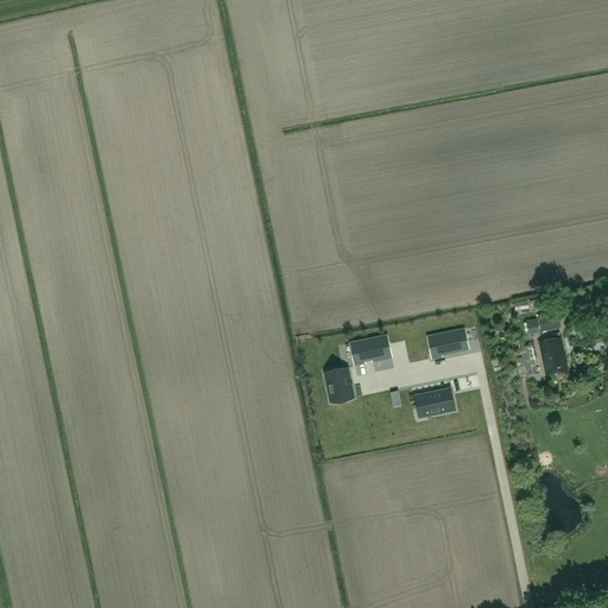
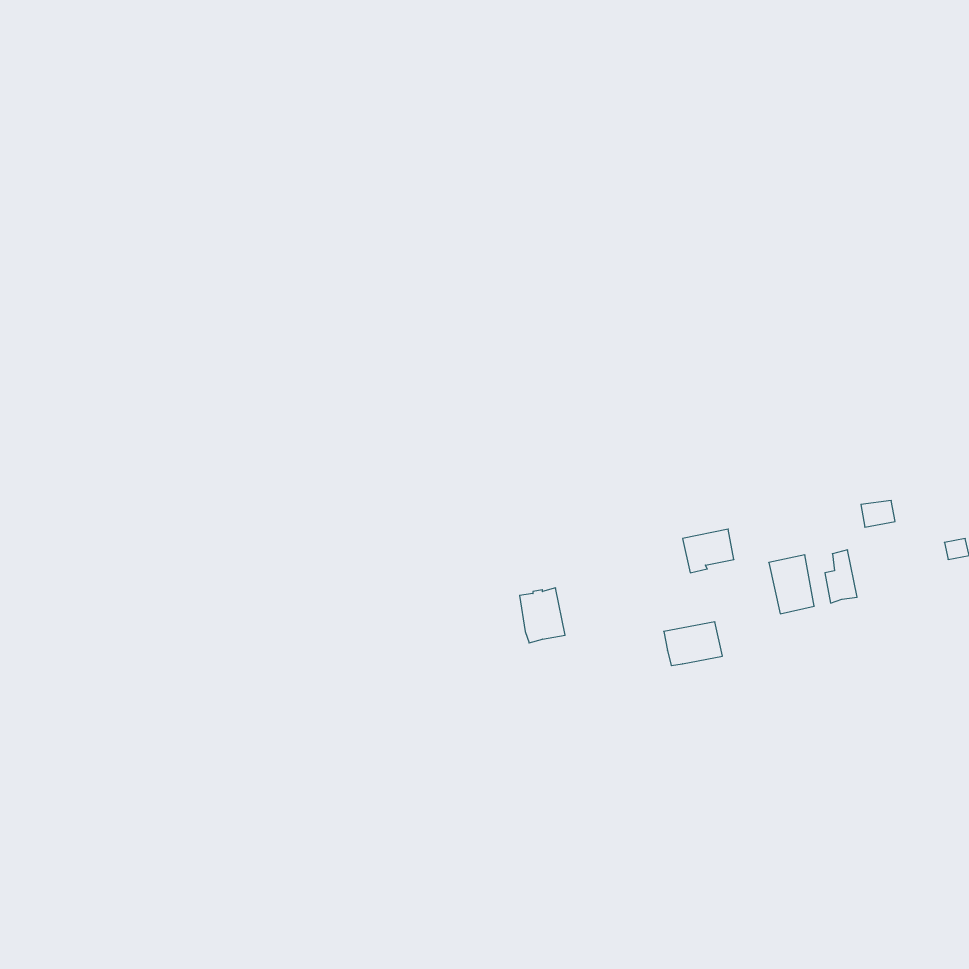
building: [350,336,392,365] -> none
building: [539,337,568,374] -> [769,555,814,614]

